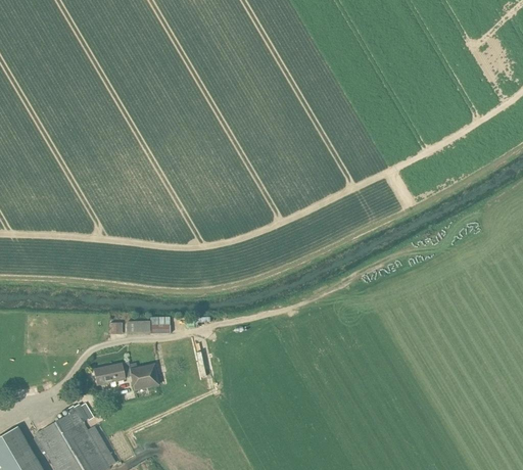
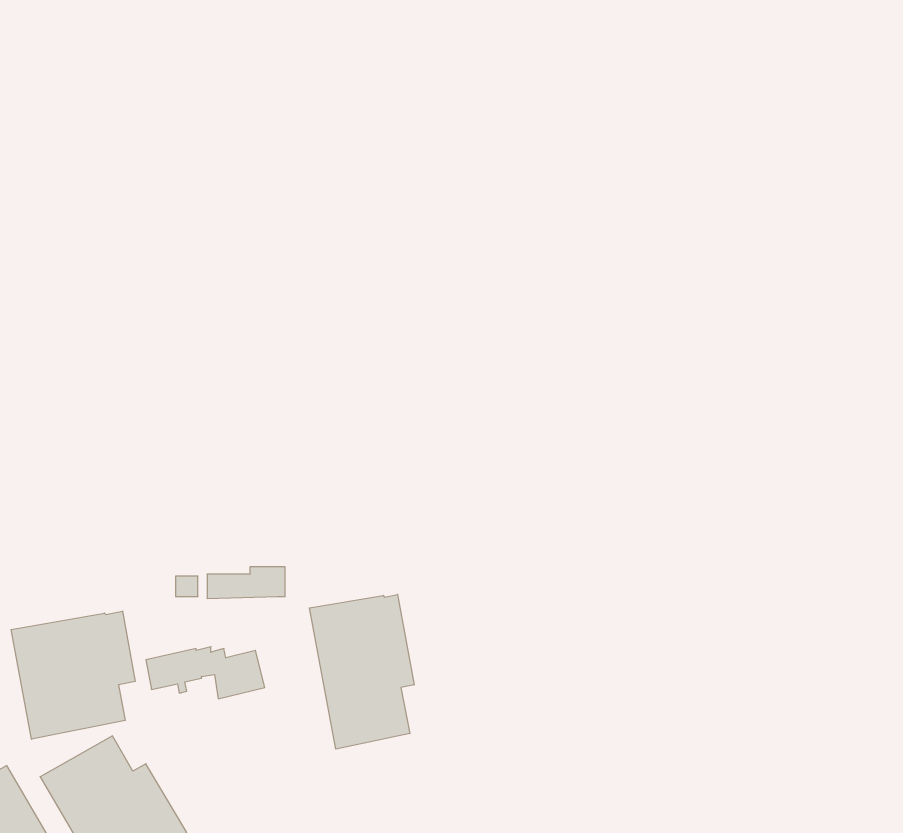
building: none -> [309,594,414,749]
building: none -> [11,611,135,739]

